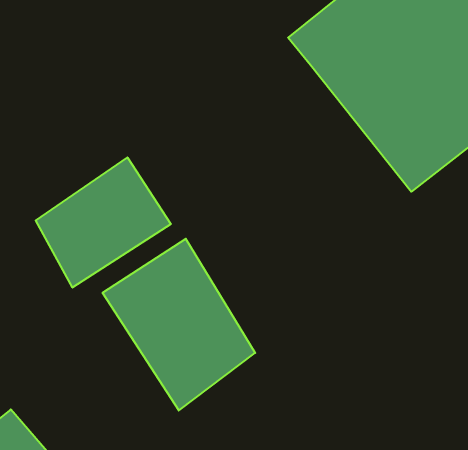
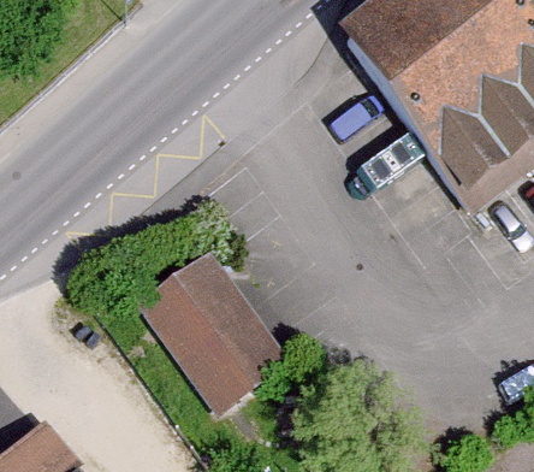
building: [36,157,171,288] -> none

